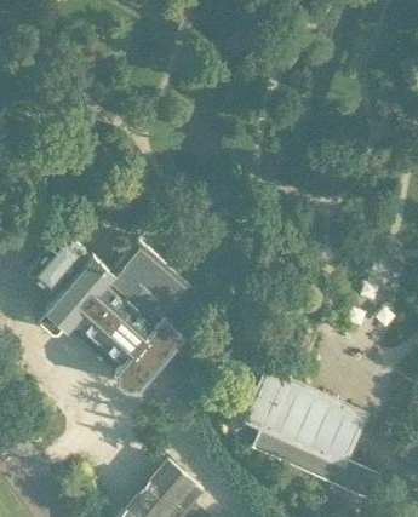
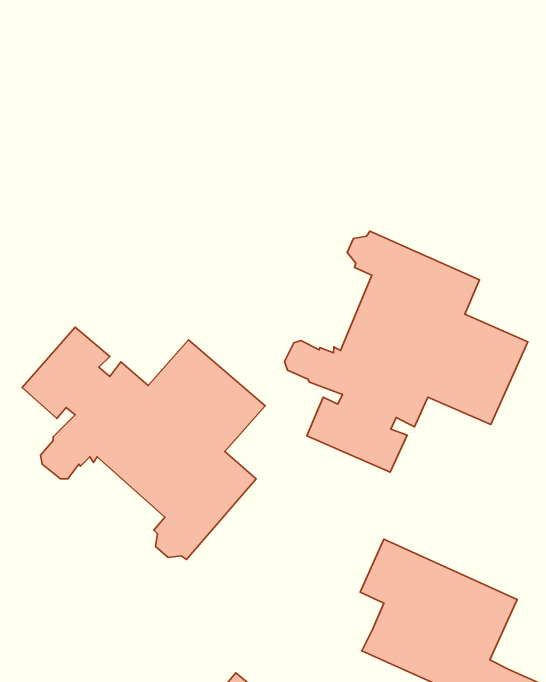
building: none -> [284,231,528,472]

